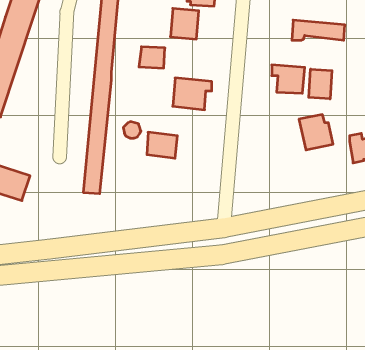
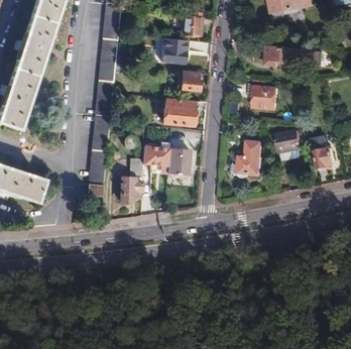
building: [139,47,165,68] -> [178,71,200,89]
building: [309,69,332,99] -> none
building: none -> [168,146,191,173]
building: none -> [234,155,262,177]
building: none -> [121,174,142,200]

